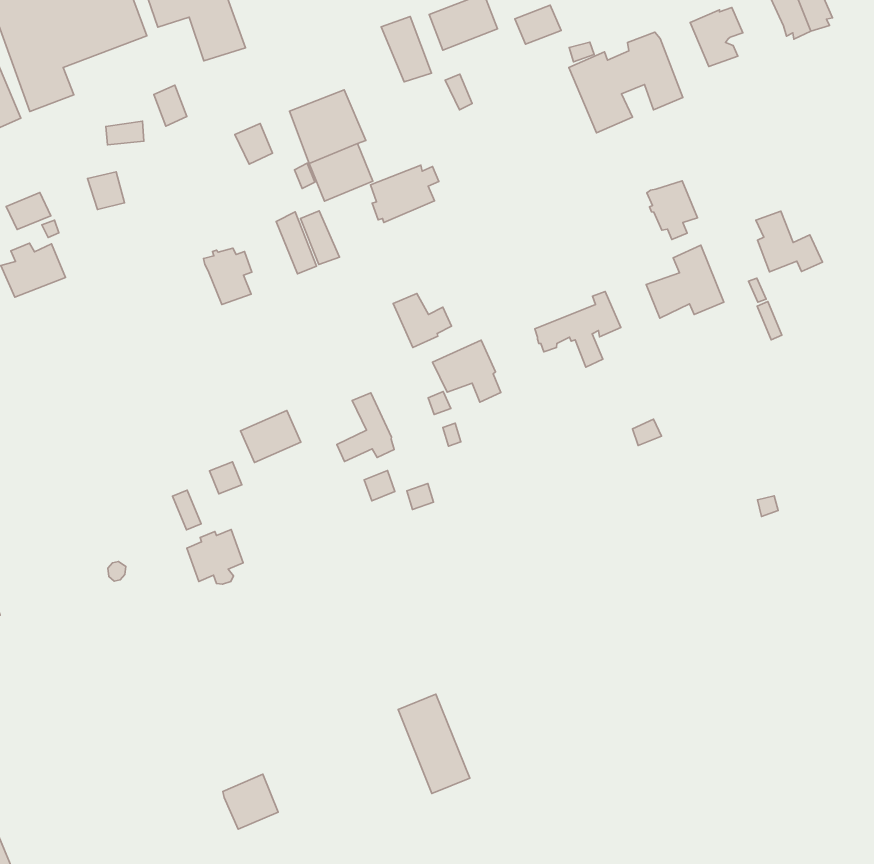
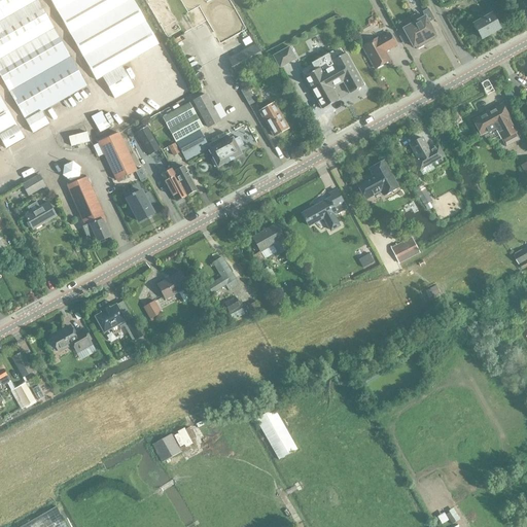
building: [381,17,431,82] -> [191,92,220,126]
building: none -> [259,101,288,134]
building: none -> [97,131,137,179]
building: [647,181,698,240] -> none
building: none -> [66,175,110,241]
building: [393,293,451,347] -> none
building: none -> [390,235,419,261]
building: none -> [46,324,91,351]
building: [187,529,243,584] -> [95,303,125,331]
building: [223,774,278,829] -> [151,431,181,461]

